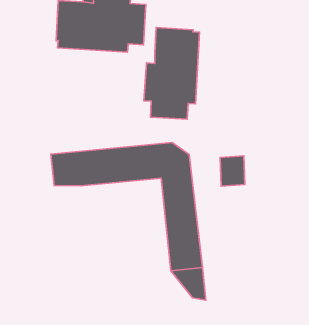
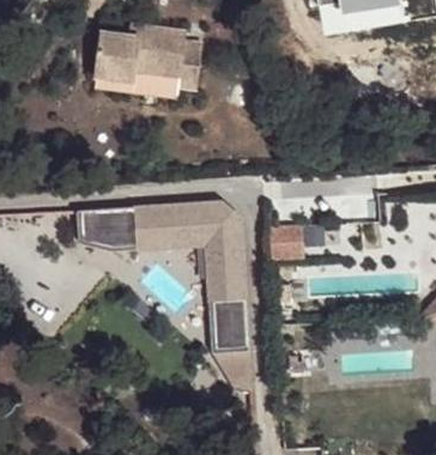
building: [144,28,199,119] -> none

